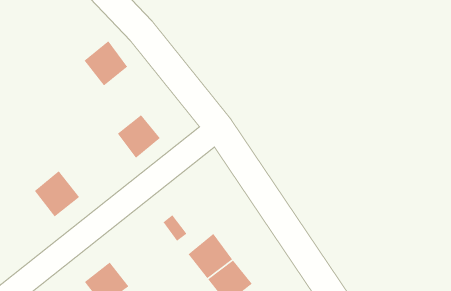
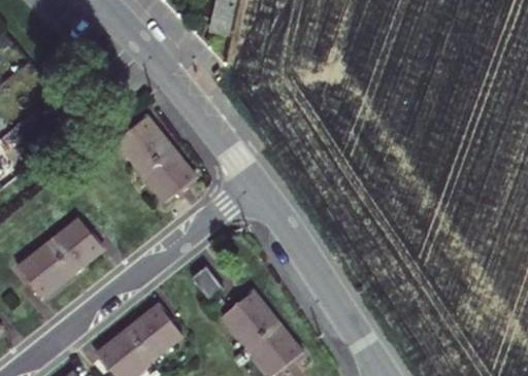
building: [83,40,128,87] -> [118,123,169,176]
building: none -> [18,242,69,296]
building: none -> [133,300,187,352]

